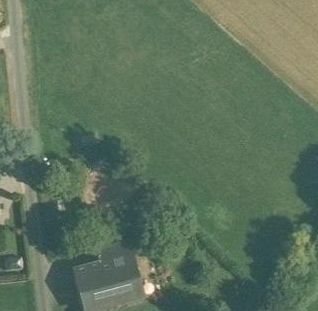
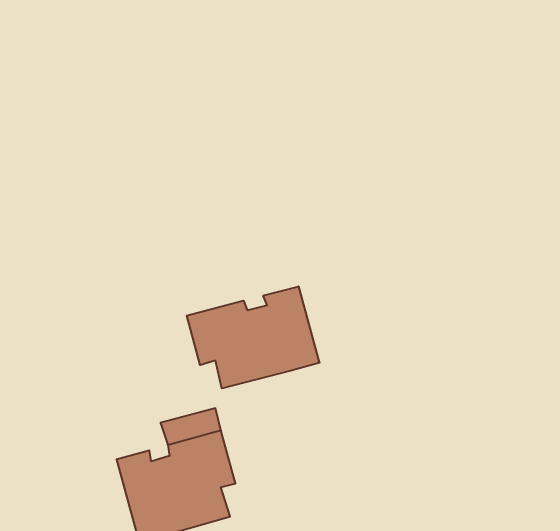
building: none -> [187,286,320,388]

